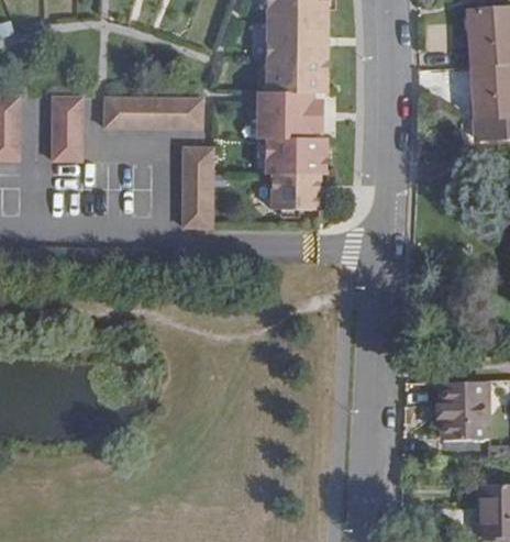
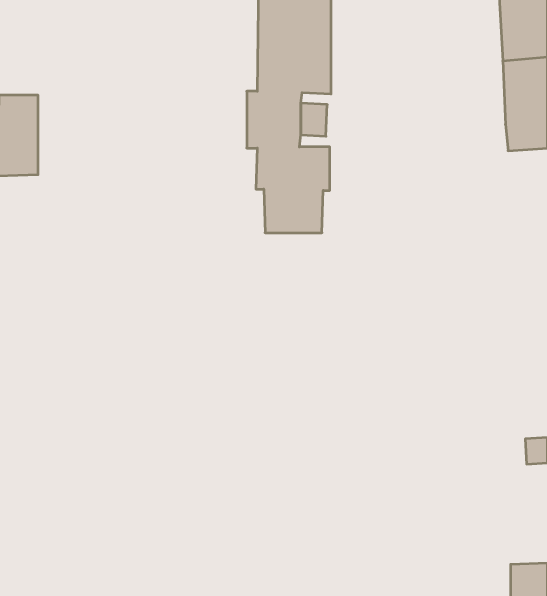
building: [102,96,204,129] -> none
building: [180,145,213,228] -> none
building: [443,381,487,440] -> none

